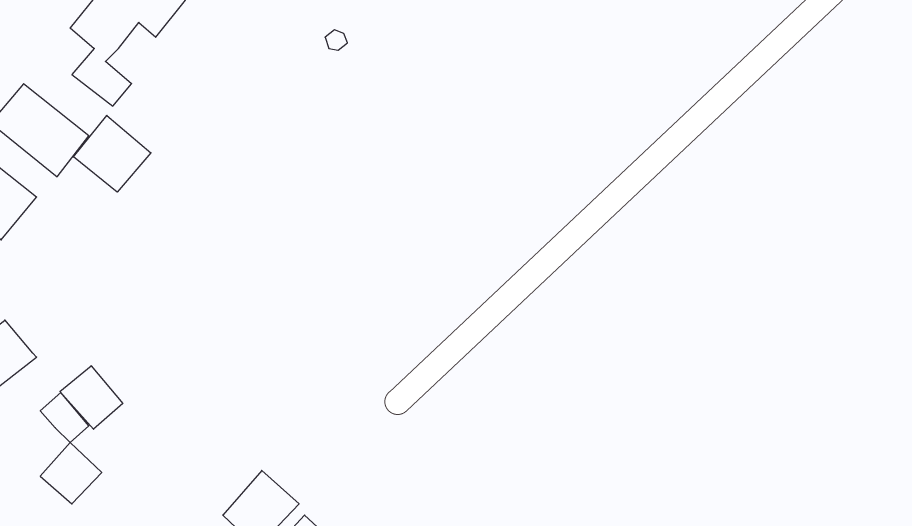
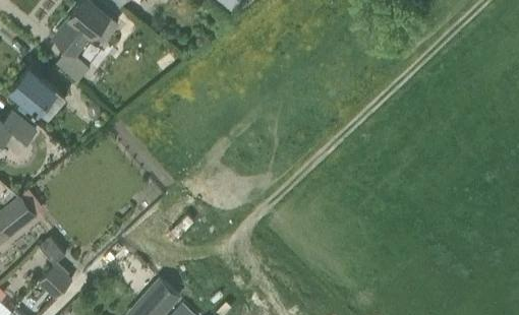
building: [73,115,151,192] -> none
building: [60,366,123,429] -> none

